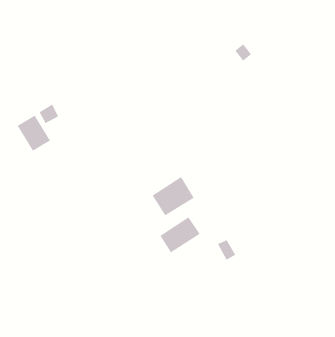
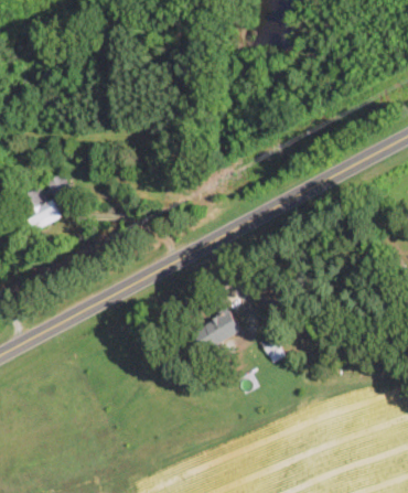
building: [152,176,194,216] -> none

